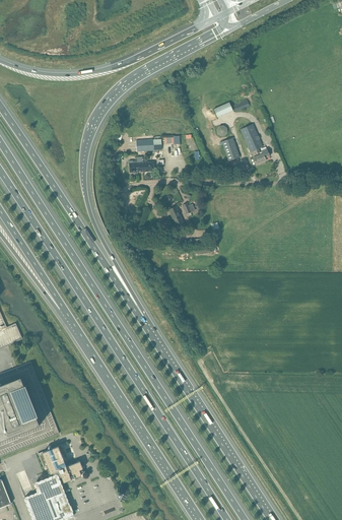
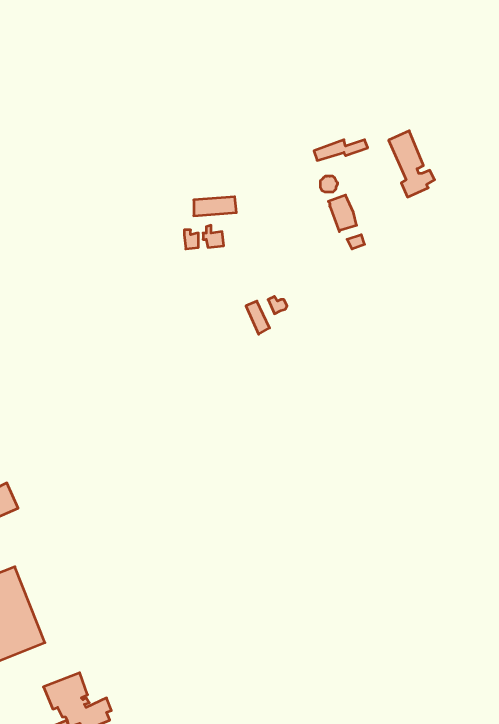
building: [241,124,270,167] -> [389,131,435,197]

